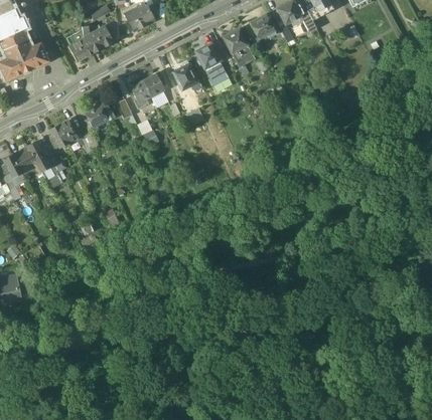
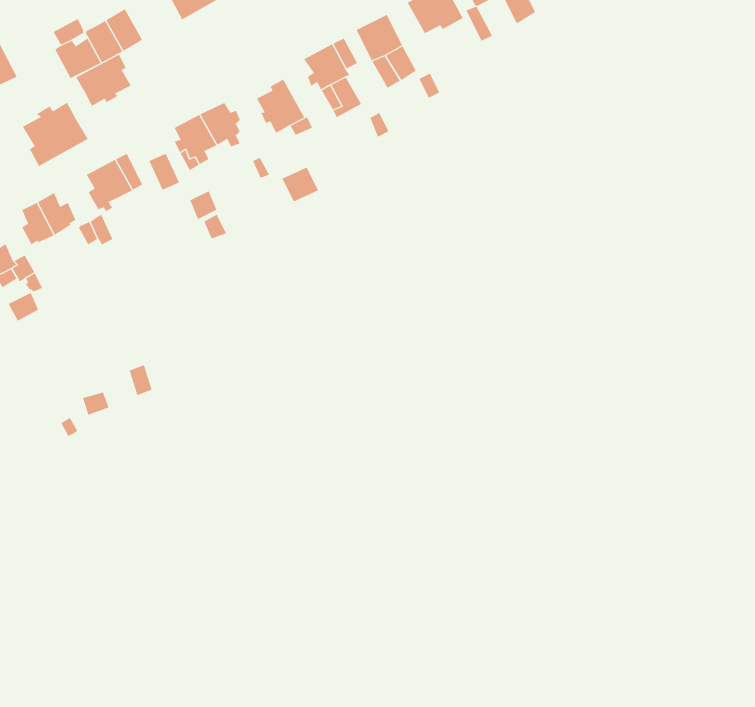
building: none -> [75,54,131,107]
building: none -> [22,102,89,167]

